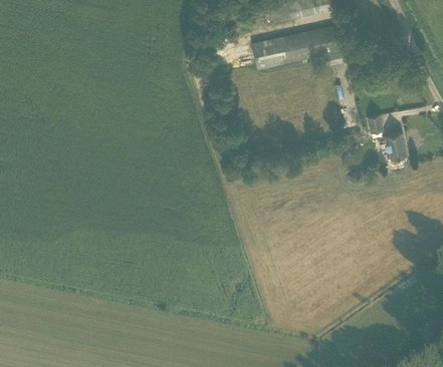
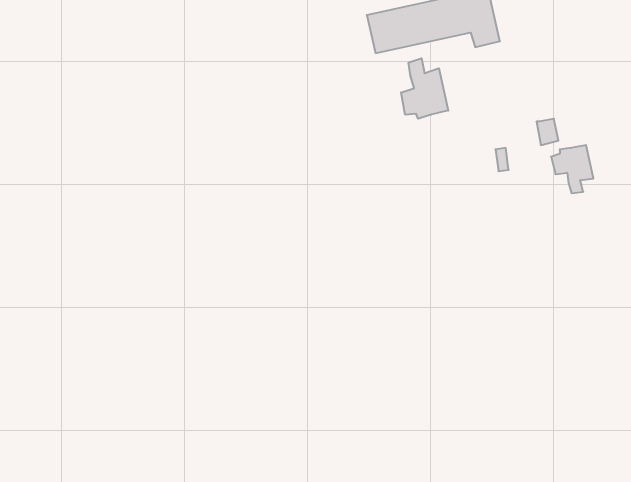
building: none -> [401,58,448,119]

